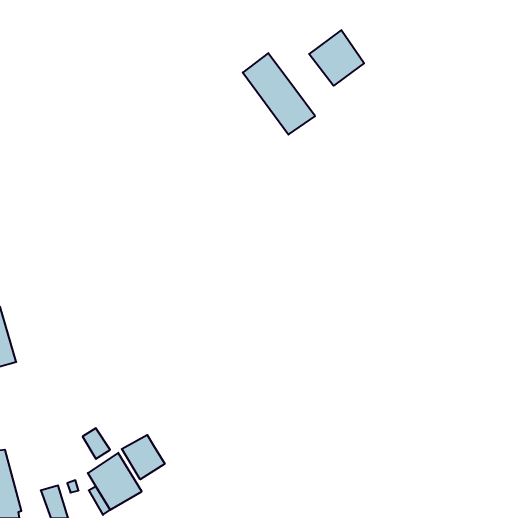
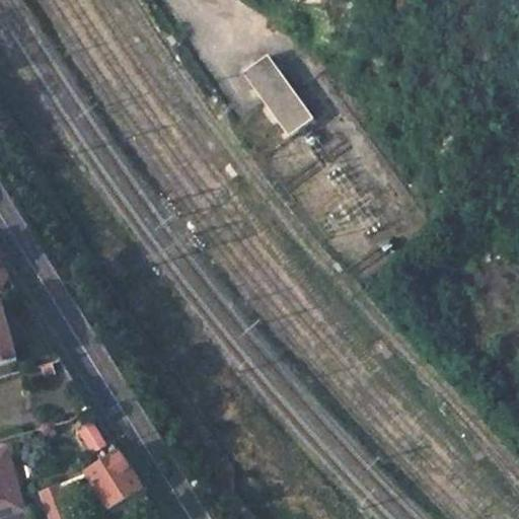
building: [309,30,364,86] -> none
building: [122,435,165,479] -> none

